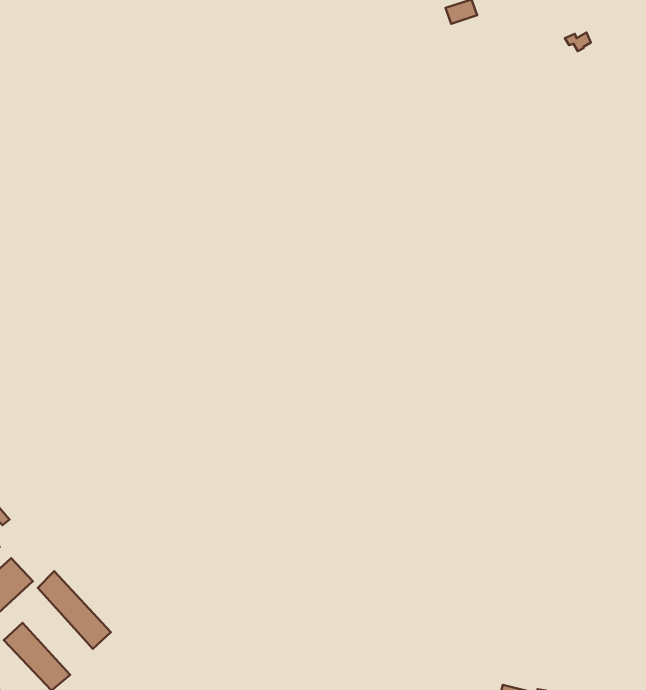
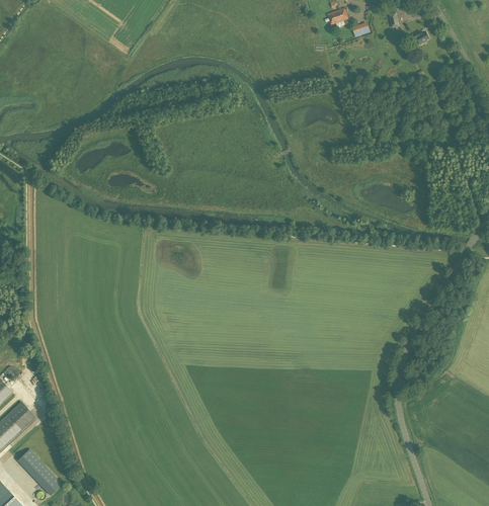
building: [38,571,111,649] -> none

